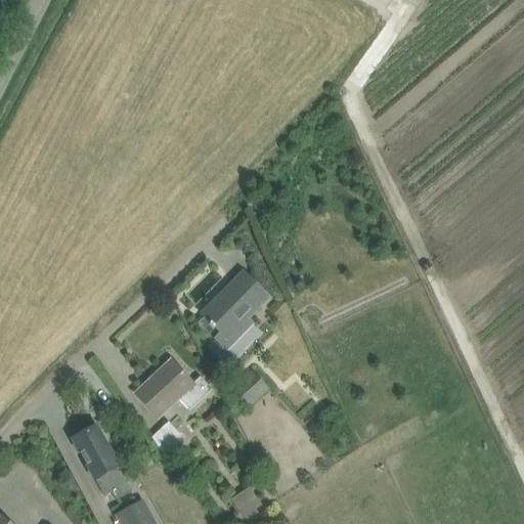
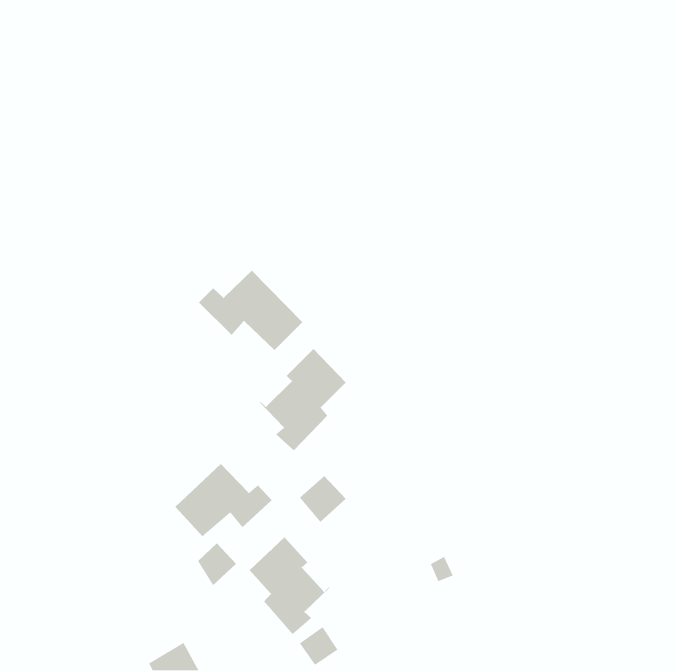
building: none -> [198,270,303,351]
building: none -> [249,536,331,635]
building: [73,424,127,494] -> none

